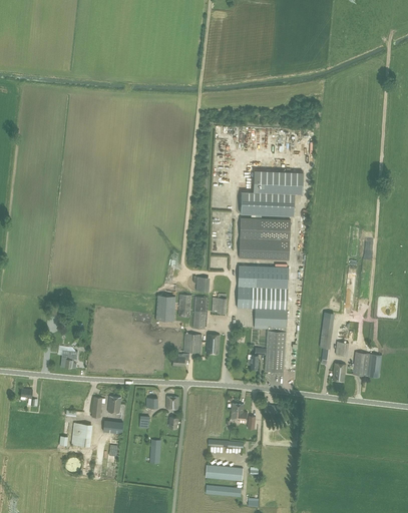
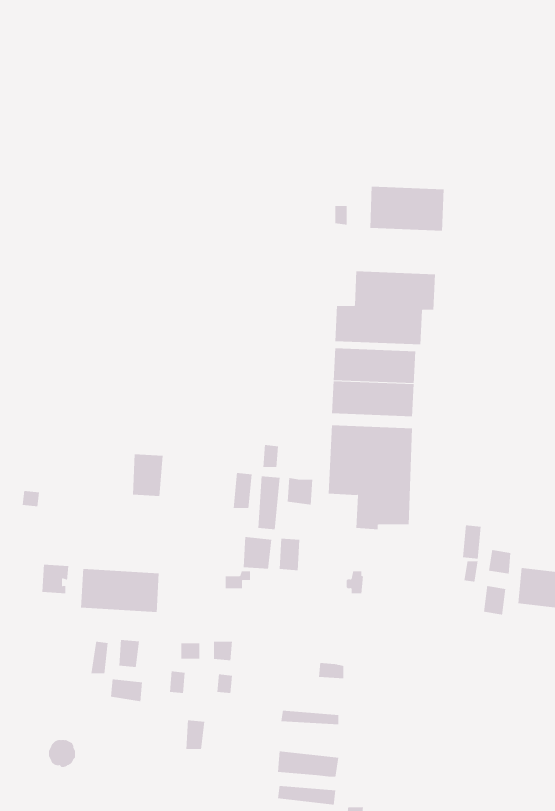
building: none -> [370,186,444,231]
building: [155,295,174,321] -> [132,454,163,497]
building: [265,331,285,371] -> none
building: none -> [80,568,159,613]
building: [70,423,91,446] -> none

